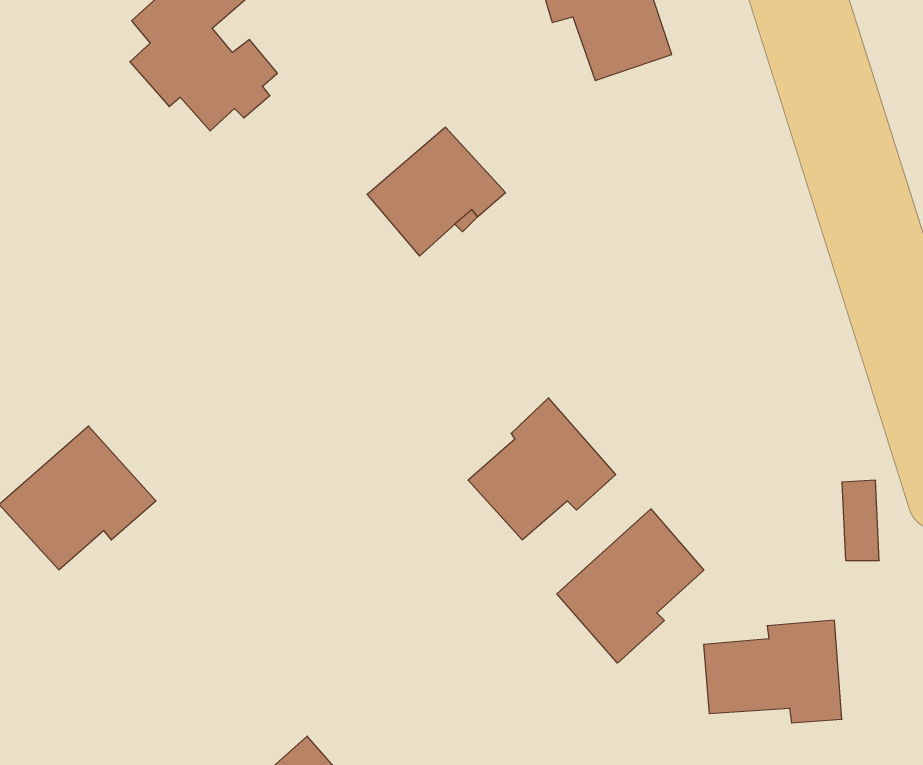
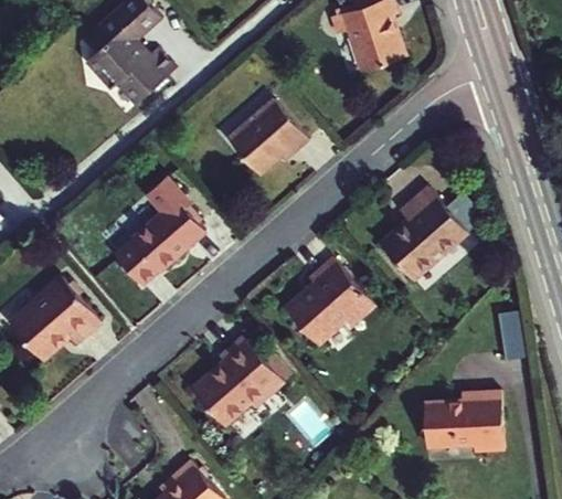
building: none -> [114,178,205,286]
building: none -> [379,188,466,282]
building: [557,509,704,663] -> none
building: none -> [191,335,283,425]

